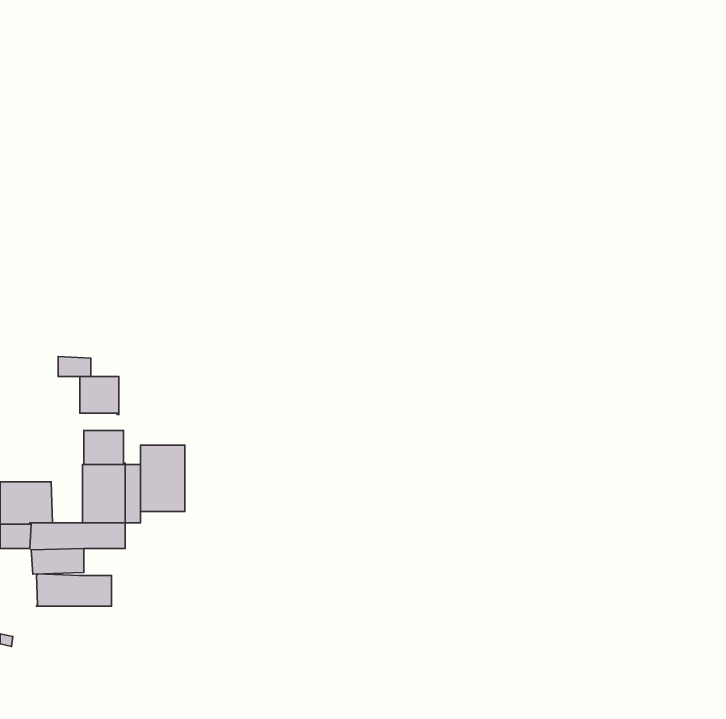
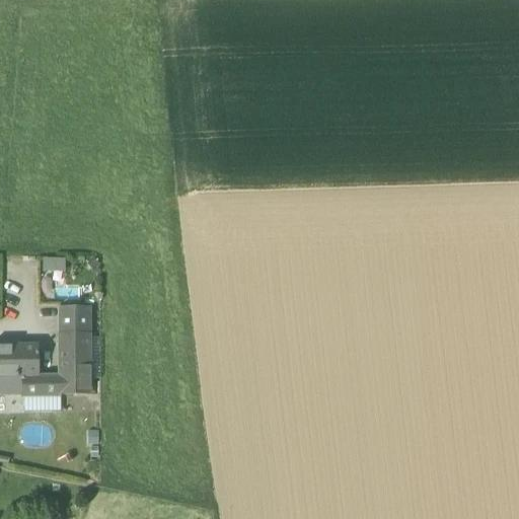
building: [80,377,119,414] -> none
building: [141,445,185,512] -> none
building: [36,574,112,606] -> none

